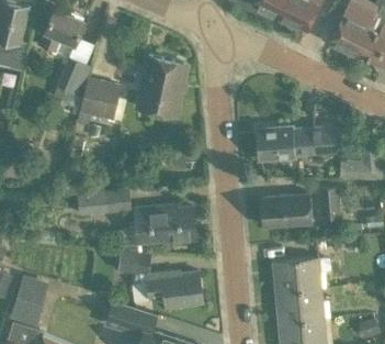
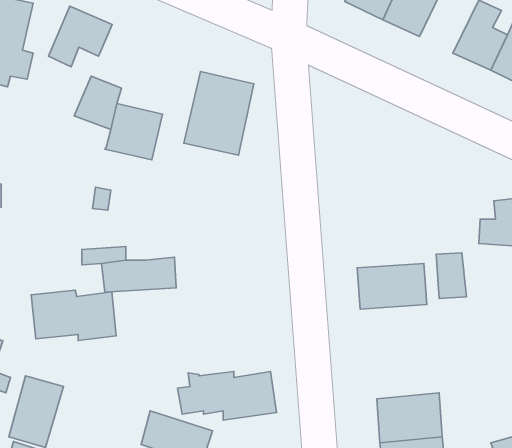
building: [258,126,338,160] -> none
building: [135,207,196,243] -> [31,290,116,341]
building: [118,252,151,275] -> none
building: [273,257,321,292] -> none

